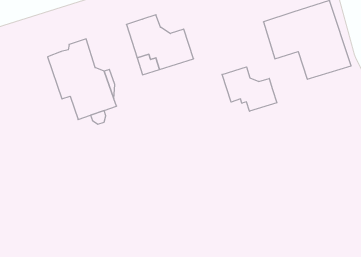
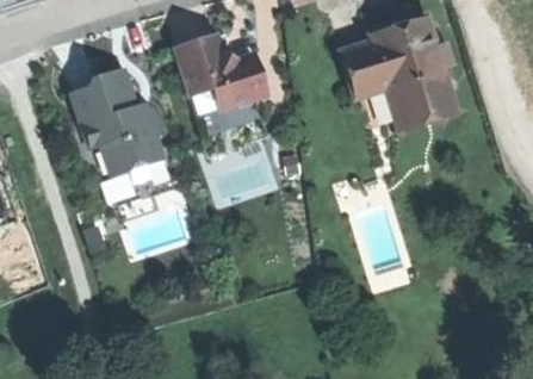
building: [222,67,277,111] -> none

